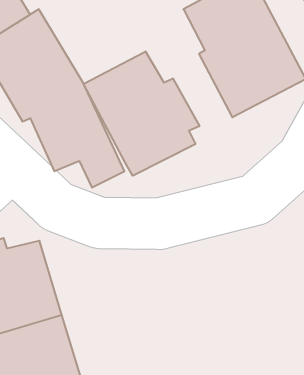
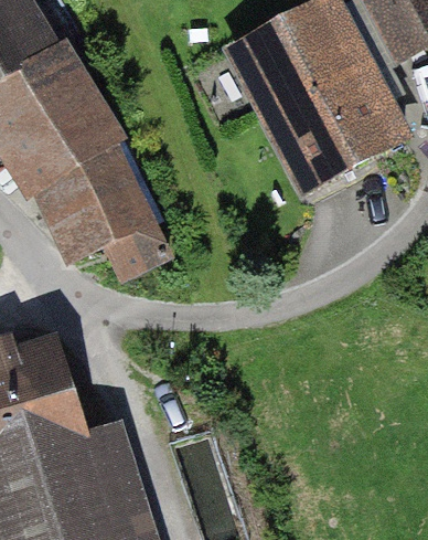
building: [84,51,199,176] -> none

